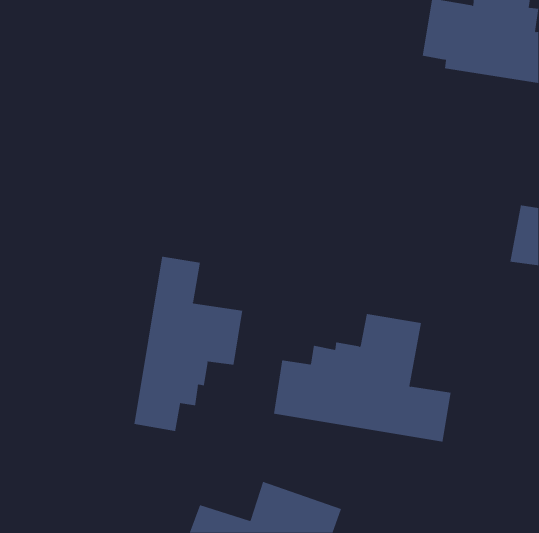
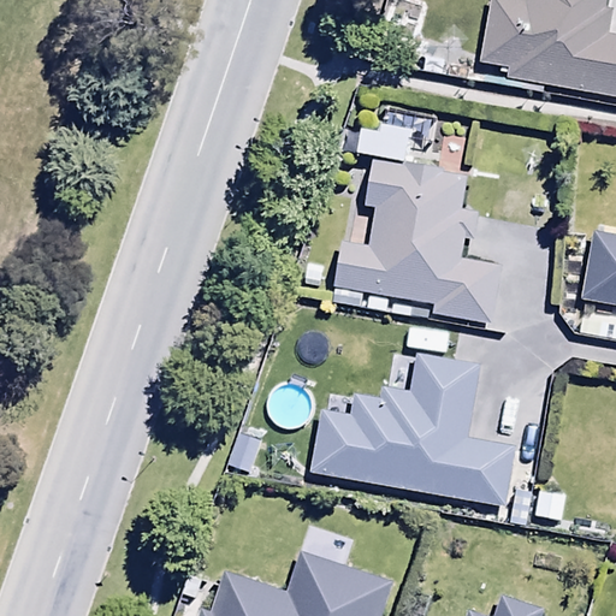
building: none -> [334,159,504,326]
building: [134,256,243,432] -> none

